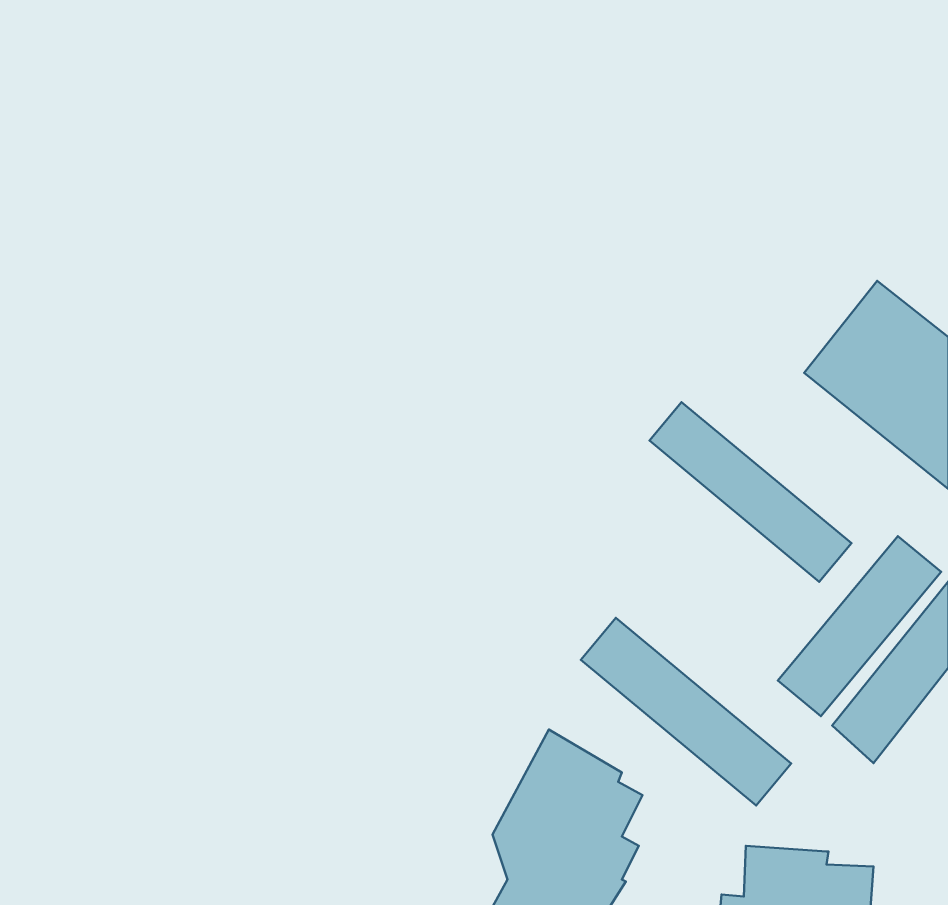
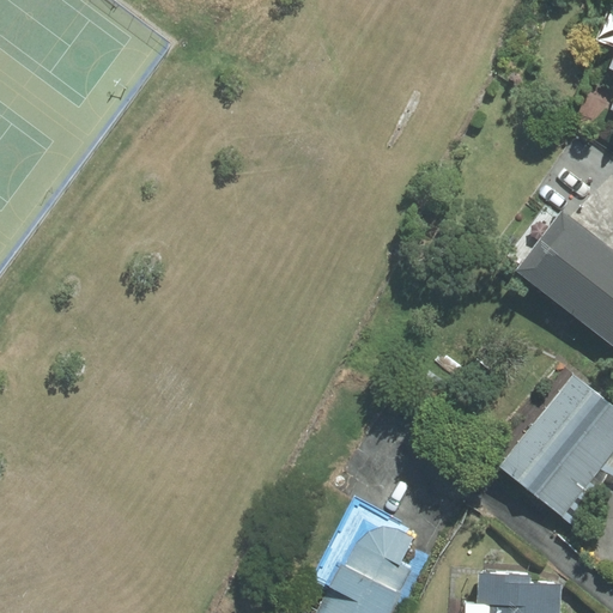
building: [649,402,851,582] -> none
building: [581,618,791,806] -> none

